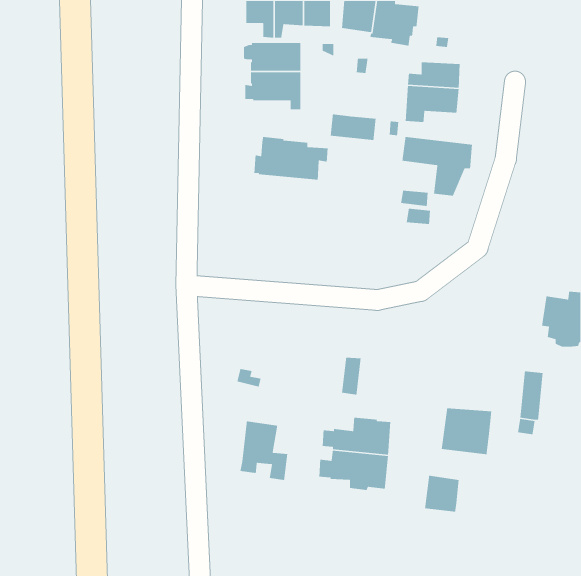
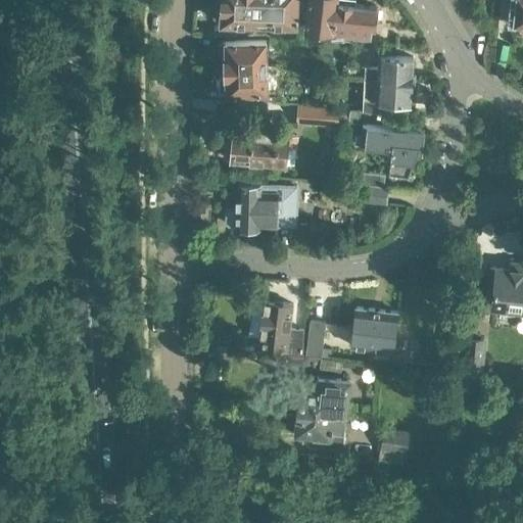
building: none -> [226,187,297,231]
building: [441,407,492,455] -> [351,312,397,354]
building: [239,420,288,481] -> [259,303,303,358]

